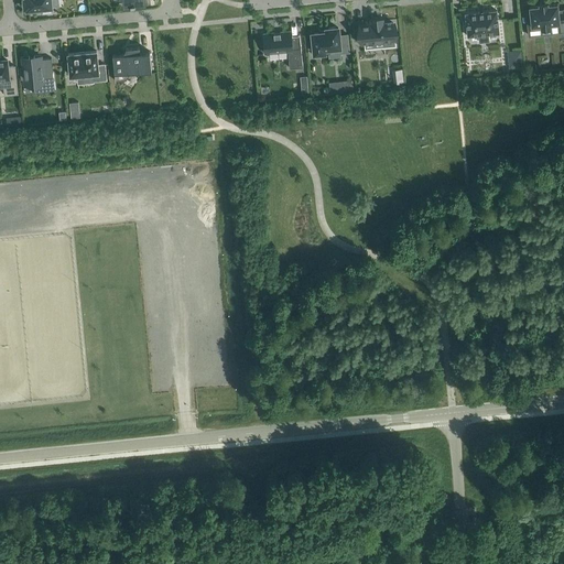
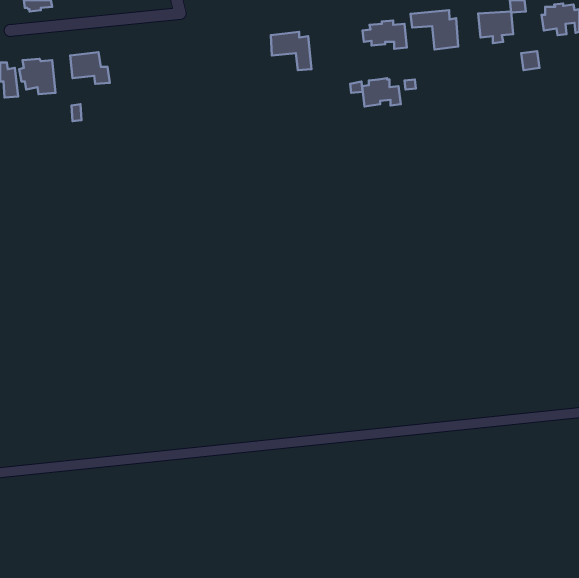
building: none -> [411,10,458,50]
building: [312,28,349,55] -> [362,78,401,107]
building: [112,47,151,83] -> none

